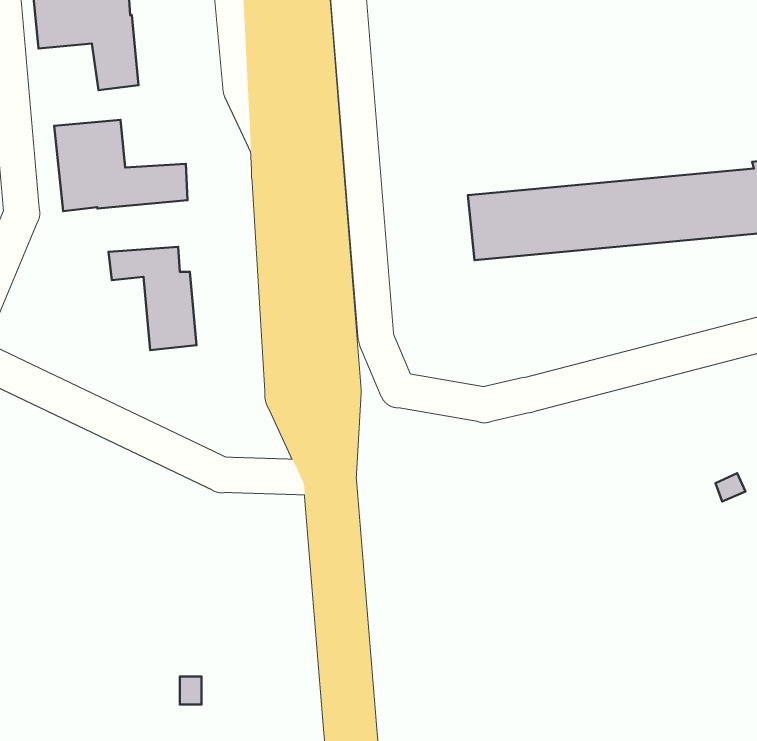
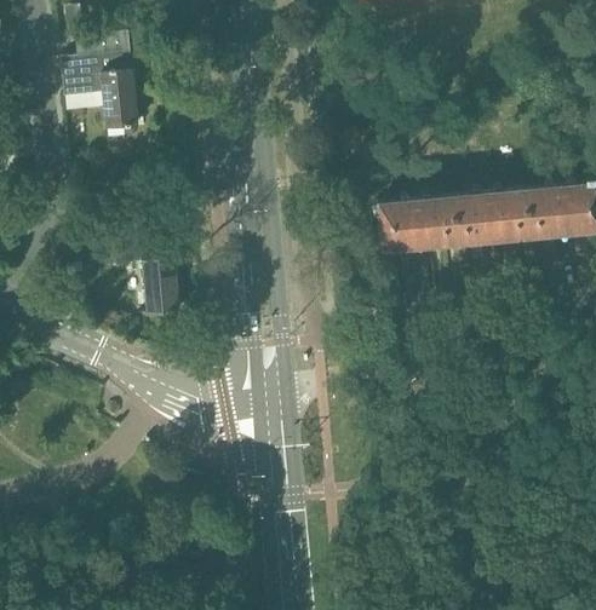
building: [54,120,188,211] -> none

